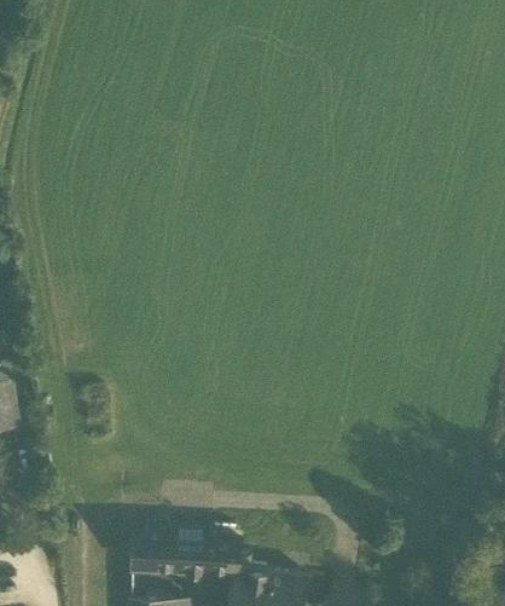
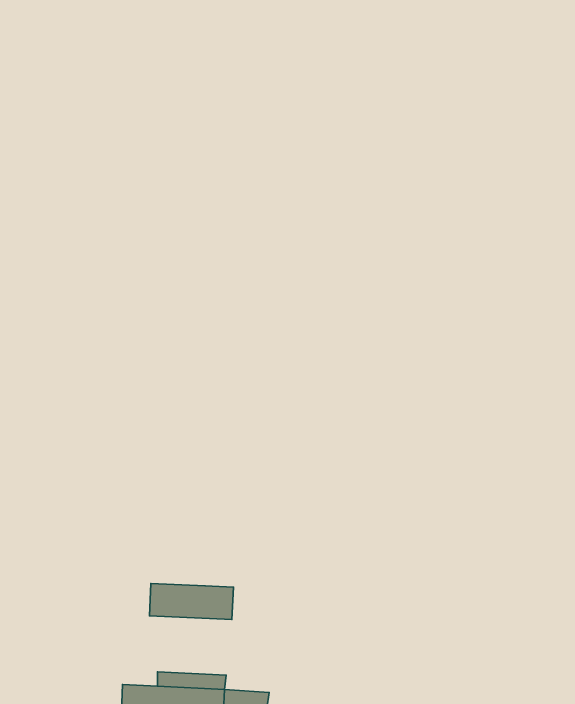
building: none -> [149,583,234,620]

